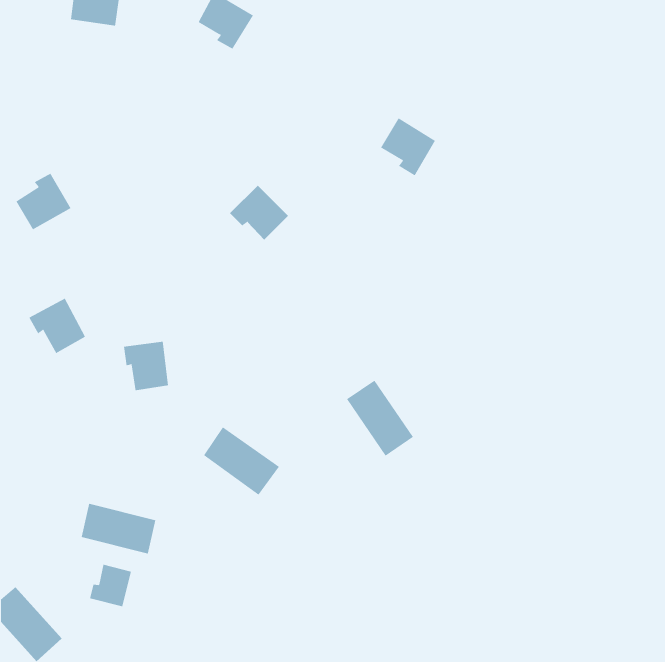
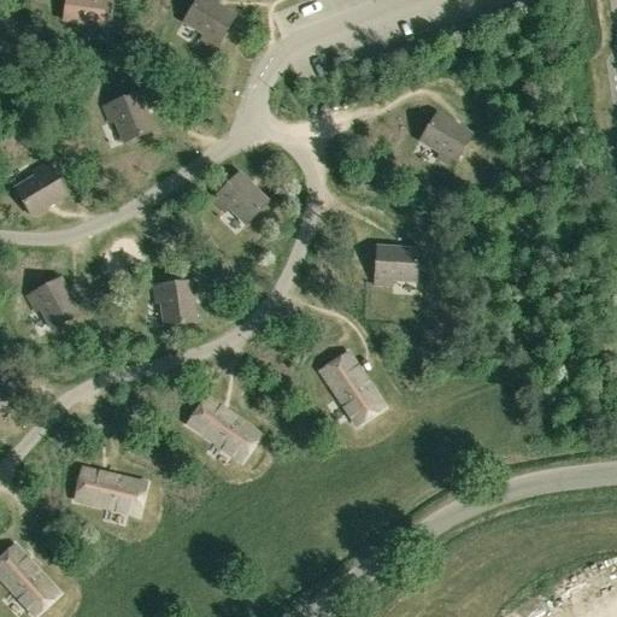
building: none -> [102,90,153,141]
building: [380,118,436,176] -> [419,111,471,165]
building: none -> [374,245,417,283]
building: [123,341,169,391] -> [153,278,195,324]
building: [90,564,131,607] -> none

